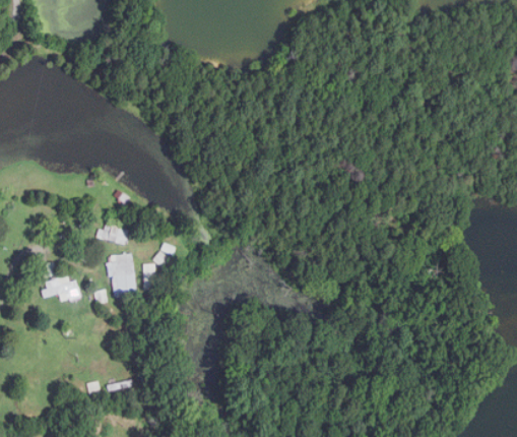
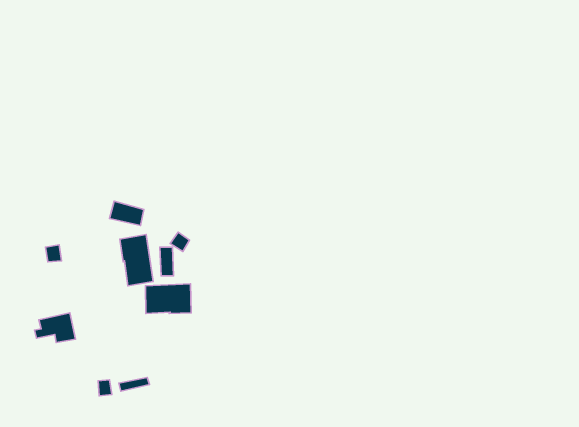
building: [42,274,78,301] -> [34,313,76,343]
building: none -> [146,284,191,314]

